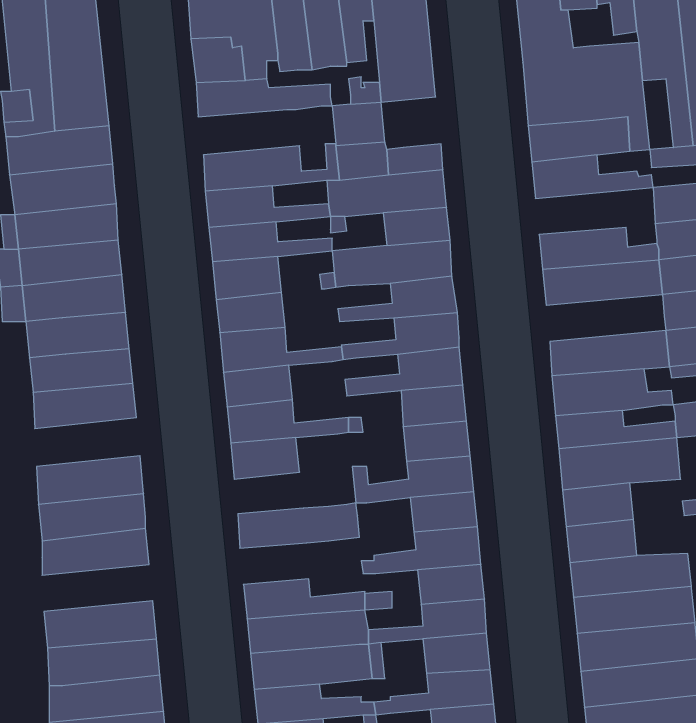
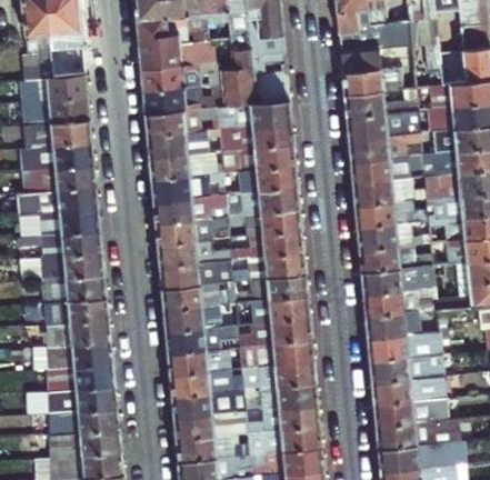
building: none -> [140,69,202,97]
building: none -> [347,117,420,146]
building: none -> [353,182,427,211]
building: none -> [40,258,104,288]
building: none -> [162,291,220,317]
building: none -> [166,331,241,360]
building: none -> [44,348,112,377]

